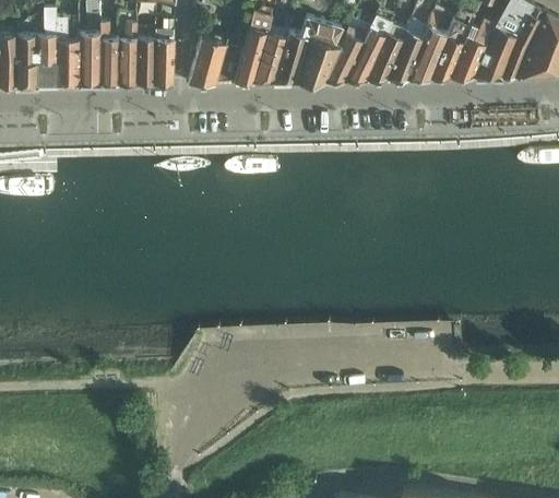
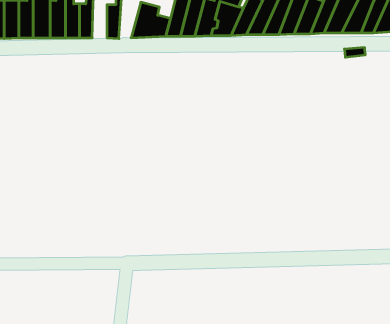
building: [134,40,154,86] -> none

